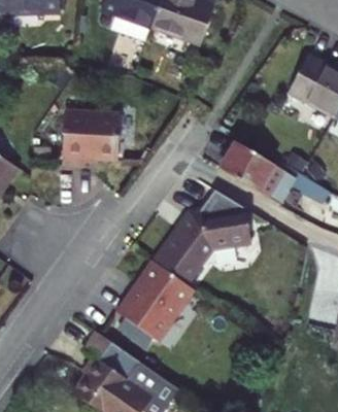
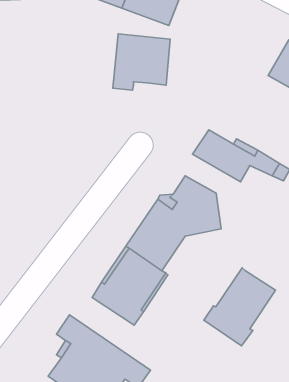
building: [61,111,119,168] -> [113,34,170,90]
building: none -> [204,268,275,346]

